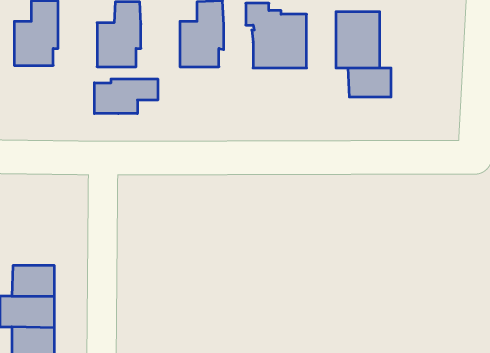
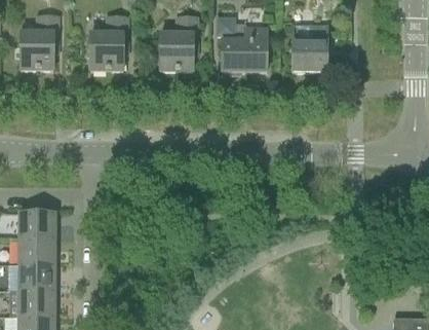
building: [348,68,391,97] -> none
building: [94,79,158,114] -> none
building: none -> [20,212,55,239]

